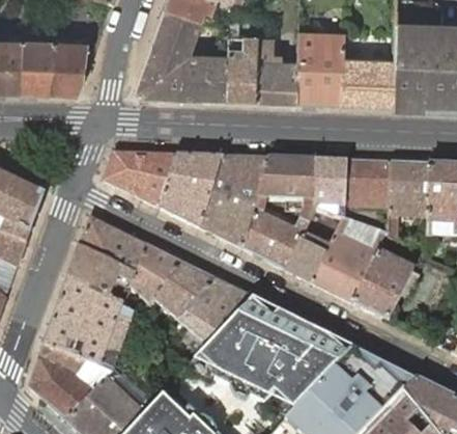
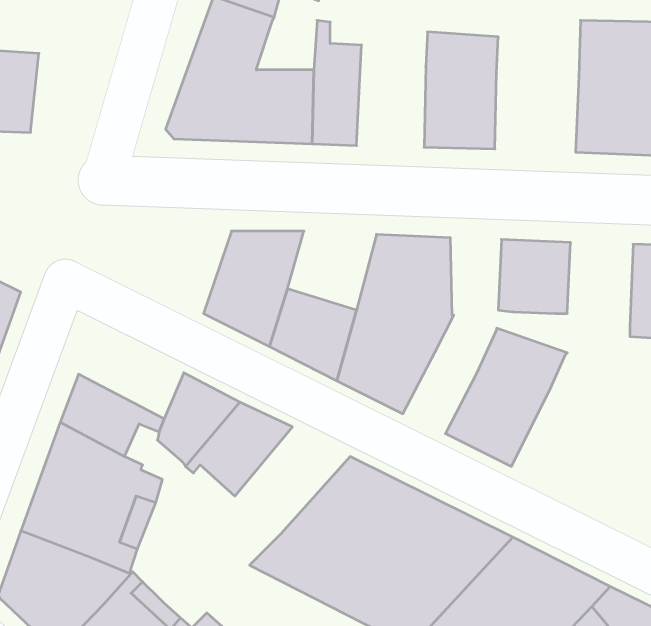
building: [256,36,299,102] -> none
building: [51,43,89,93] -> none
building: [343,55,396,105] -> none
building: [105,152,177,207] -> none
building: [212,155,268,205] -> none
building: [315,159,347,217] -> none
building: [389,162,430,215] -> none
building: [81,217,147,273] -> none
building: [285,230,332,282] -> none
building: [353,253,413,321] -> none
building: [176,278,252,346] -> none

